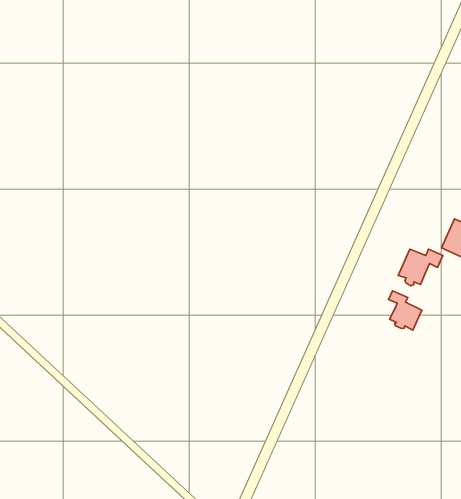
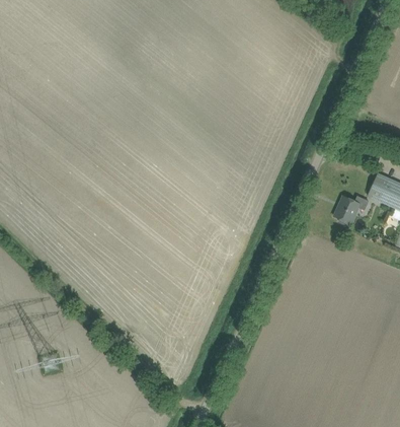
building: [388,291,422,330] -> none

